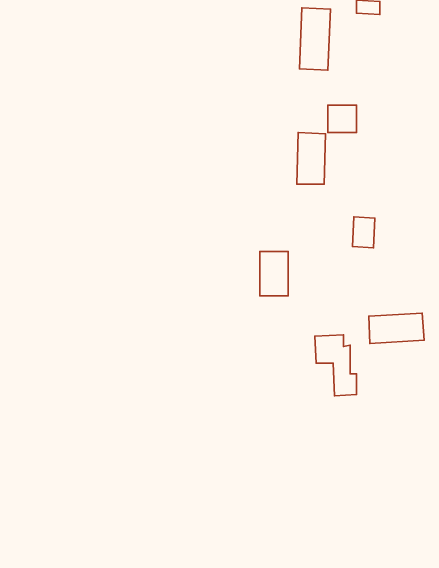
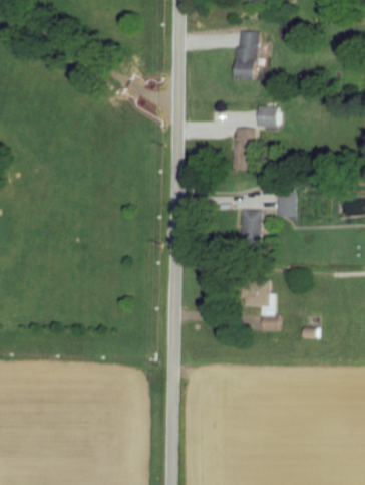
building: [260,252,288,296] -> [240,210,262,244]
building: [369,313,424,343] -> none

